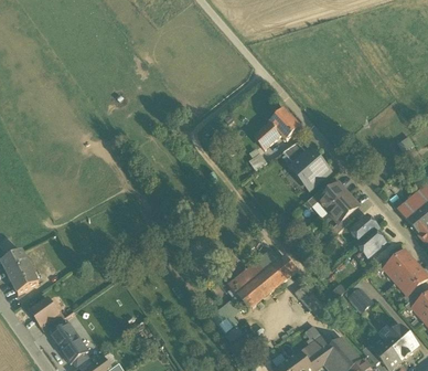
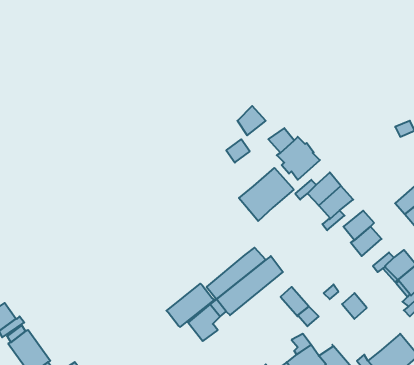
building: [268,109,299,140] -> none
building: none -> [239,168,294,221]
building: none -> [166,284,214,327]

